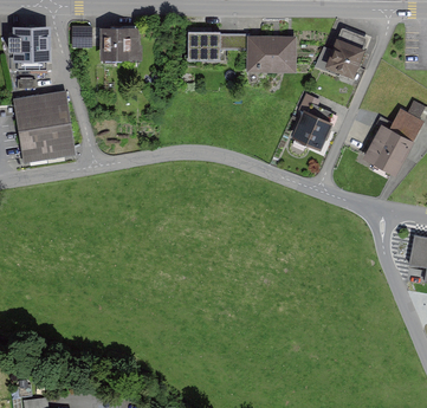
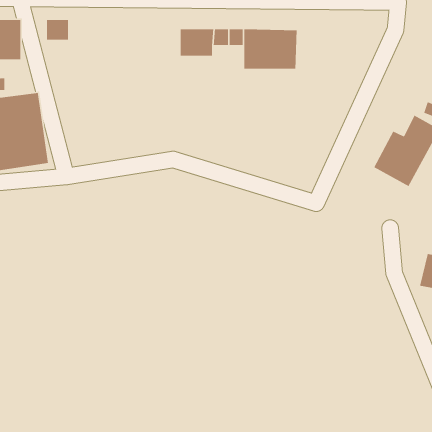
building: [105,27,135,61] -> none
building: [326,39,369,80] -> none
building: [291,110,335,153] -> none

